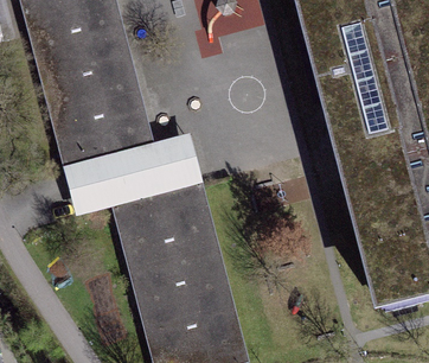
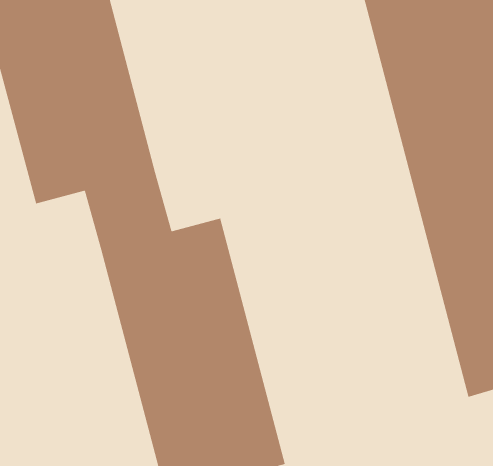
building: [153,136,200,187] -> none
building: [65,159,113,211] -> none

